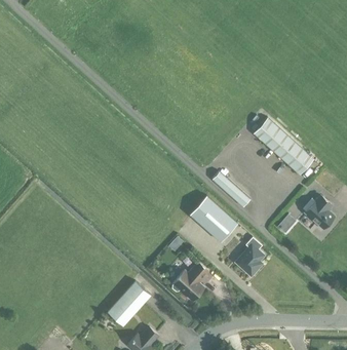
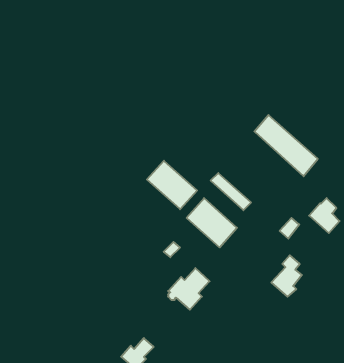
building: none -> [147,161,197,209]
building: [234,235,263,274] -> [271,255,302,297]
building: [107,279,150,323] -> none

